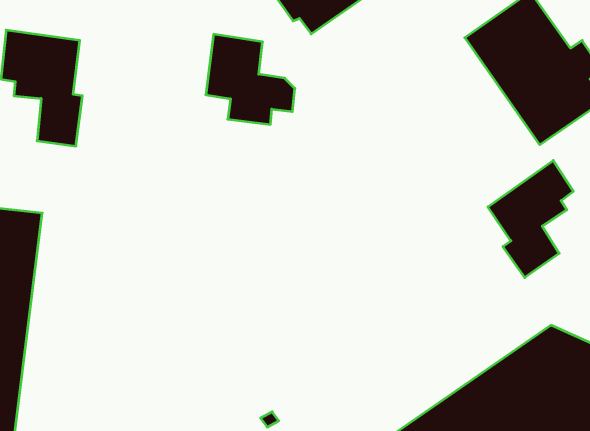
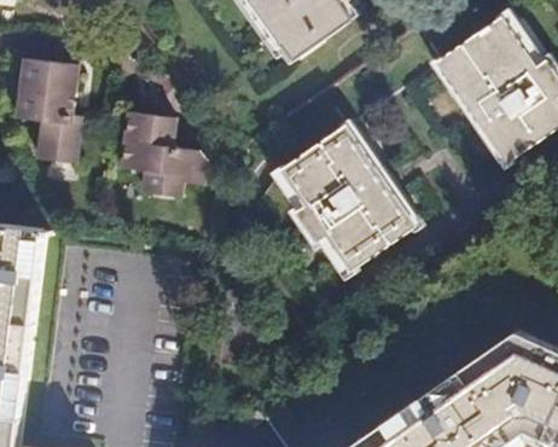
building: [206,34,295,124] -> [121,111,204,196]
building: none -> [280,127,412,269]
building: [488,160,573,278] -> none

